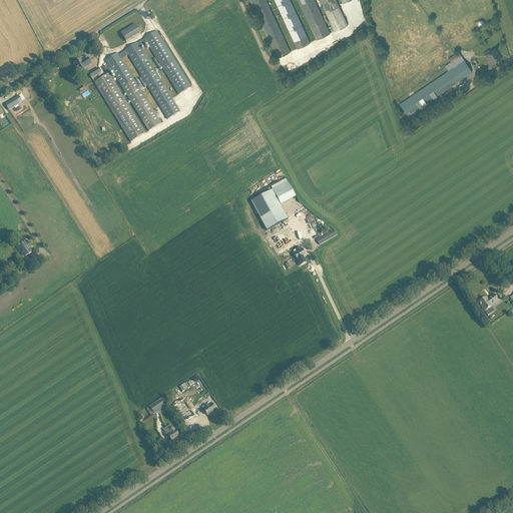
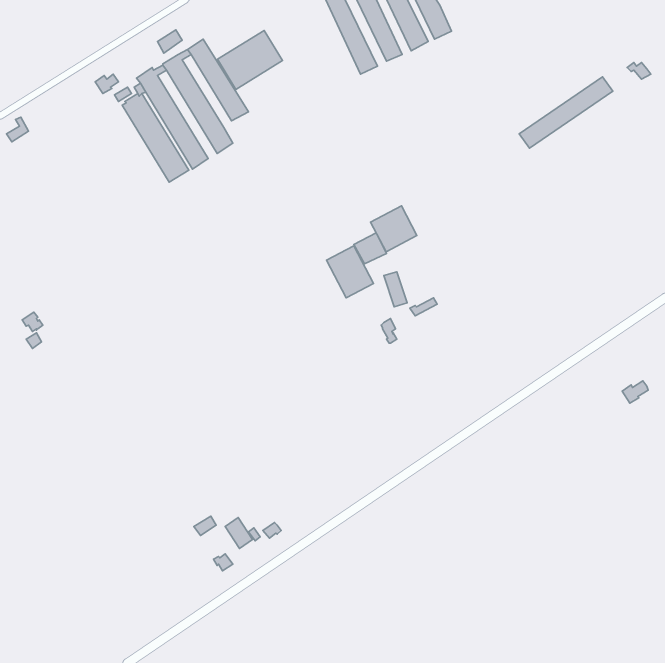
building: none -> [218,30,283,89]
building: none -> [371,206,417,252]

